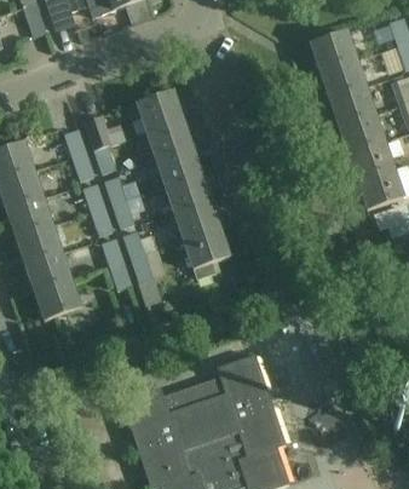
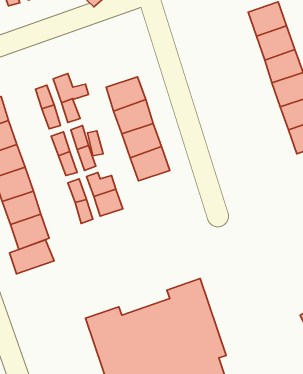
building: [137,91,183,132] -> none
building: [184,229,230,280] -> none
building: none -> [9,240,54,274]

